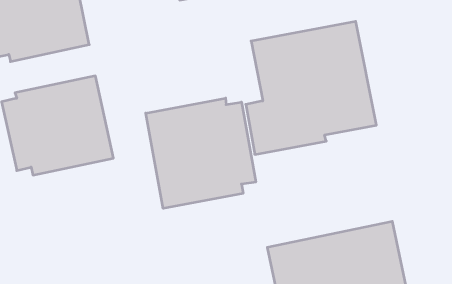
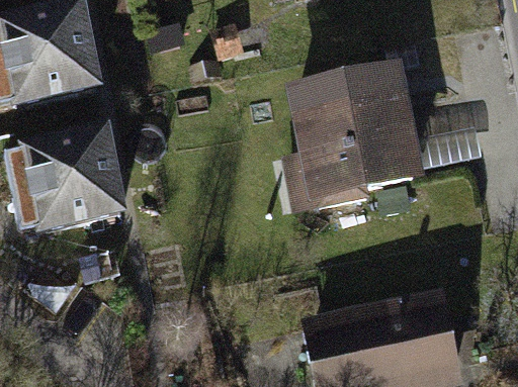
building: [146,98,256,208] -> none

